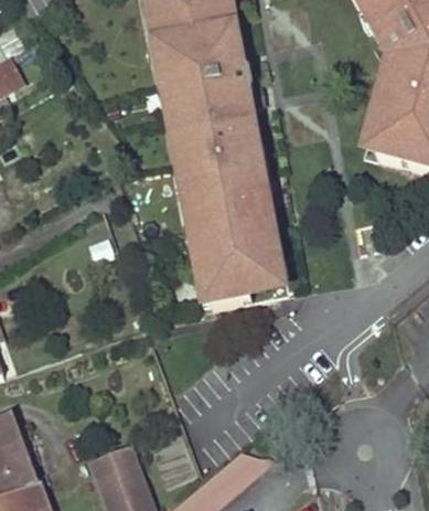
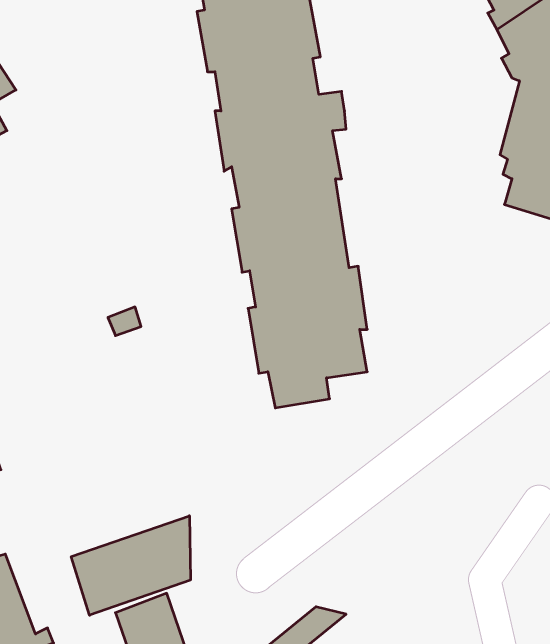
building: none -> [71,516,190,615]

